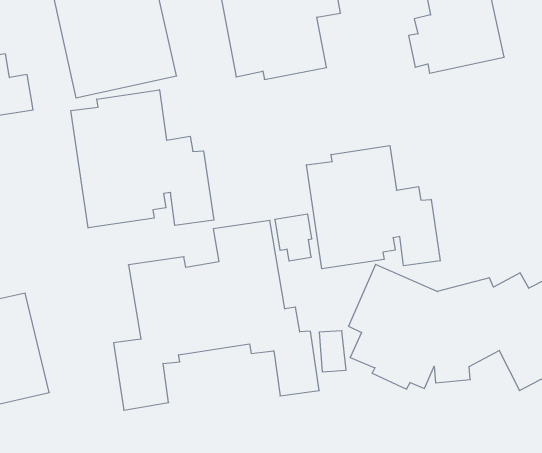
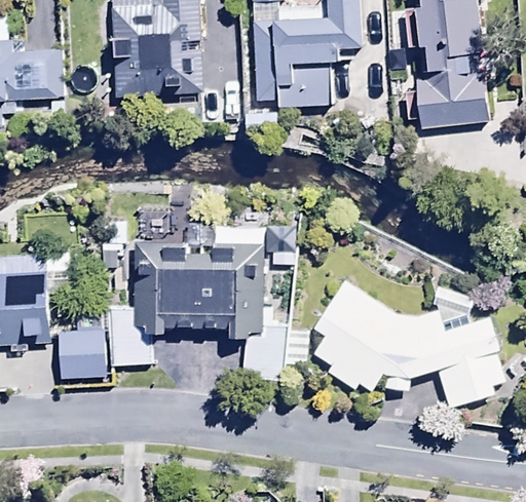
building: [71,90,214,228] -> none
building: [307,146,440,269] -> none
building: none -> [57,329,105,378]

